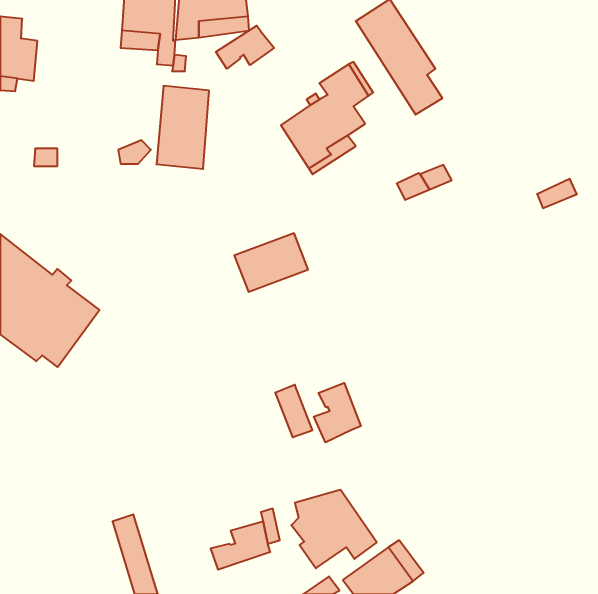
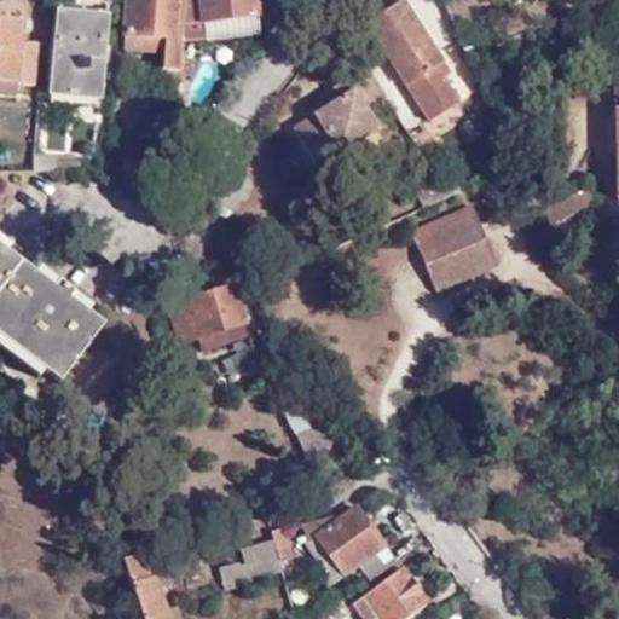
building: [216,26,274,69] -> none
building: [156,86,209,169] -> [51,11,105,97]
building: none -> [412,206,497,288]
building: [234,233,308,292] -> [168,283,244,343]
building: [314,383,361,442] -> none

